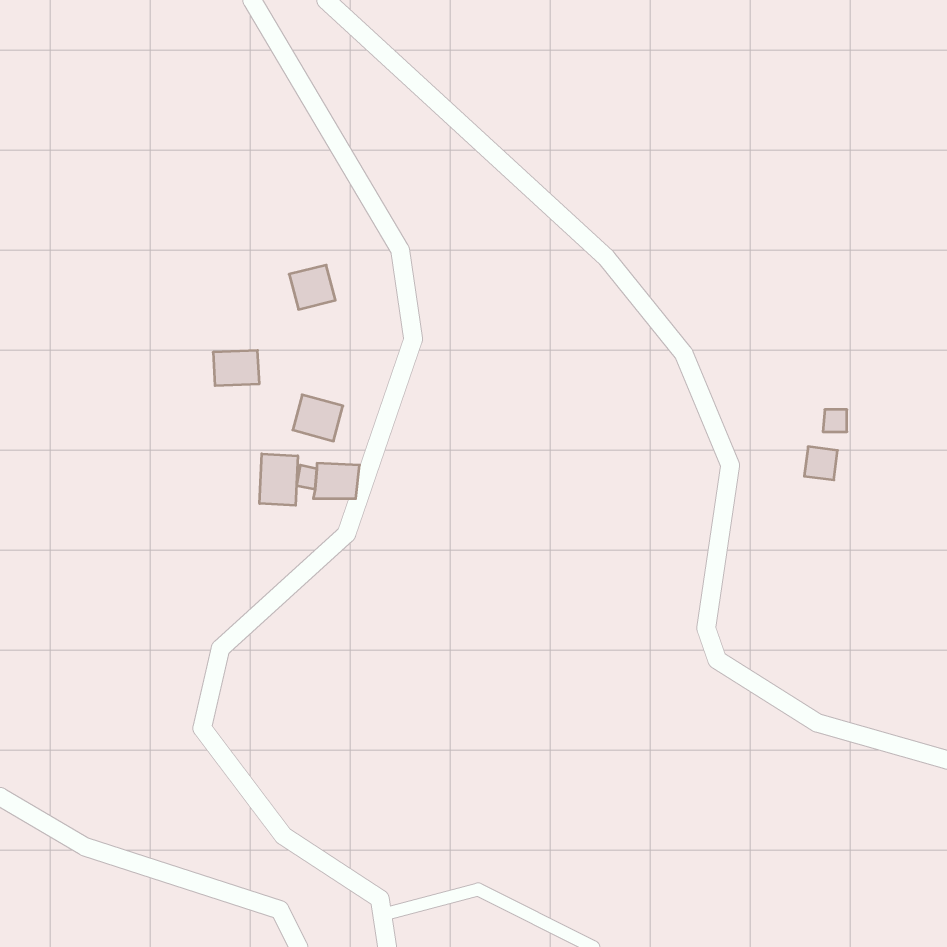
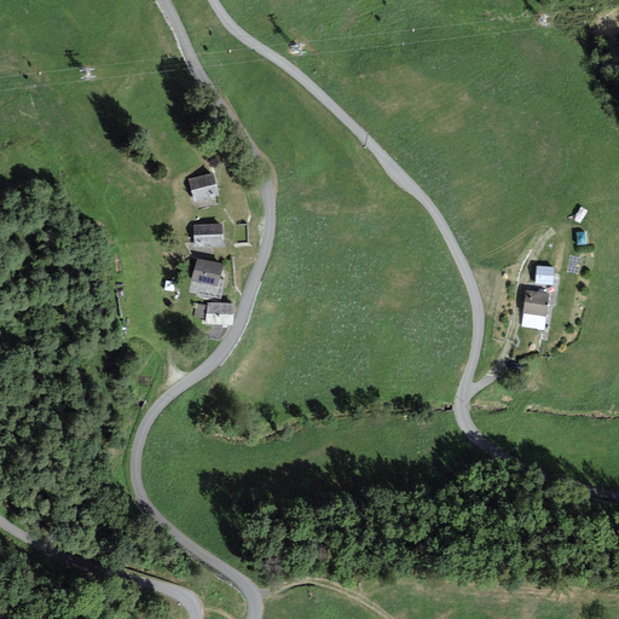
building: [213,350,259,386] -> [193,224,224,247]
building: [260,454,298,505] -> none

